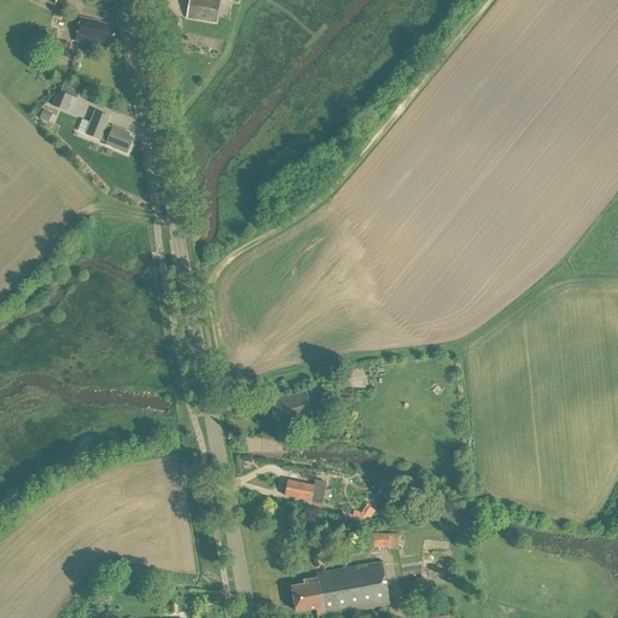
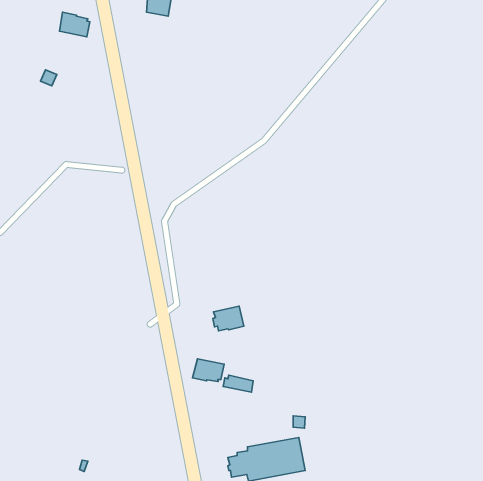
building: [77,111,133,151] -> none
building: none -> [193,359,224,382]

